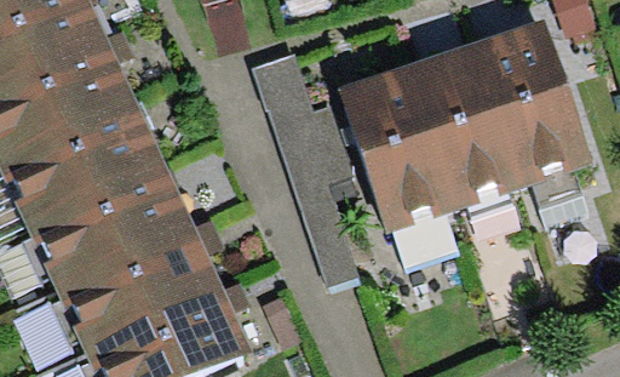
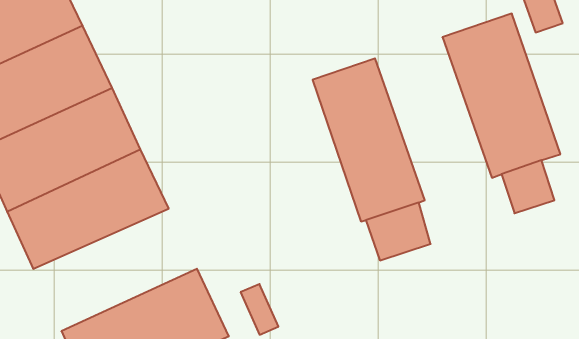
building: [402,44,522,211] -> none
building: [253,55,360,287] -> none
building: [51,219,219,345] -> none

